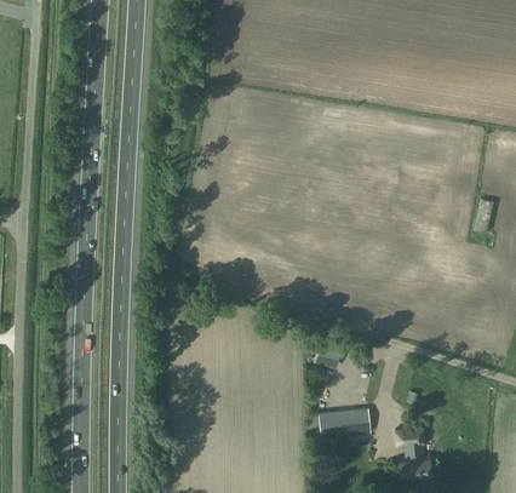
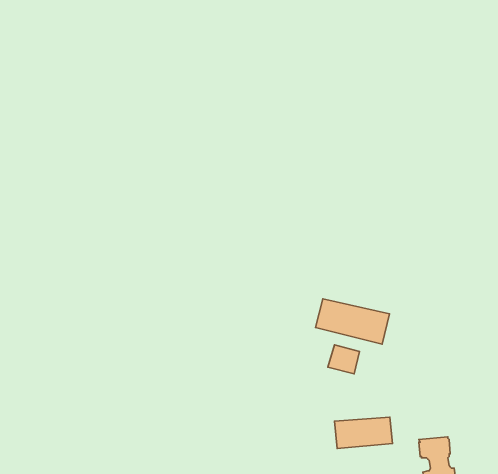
building: none -> [316,299,390,344]

